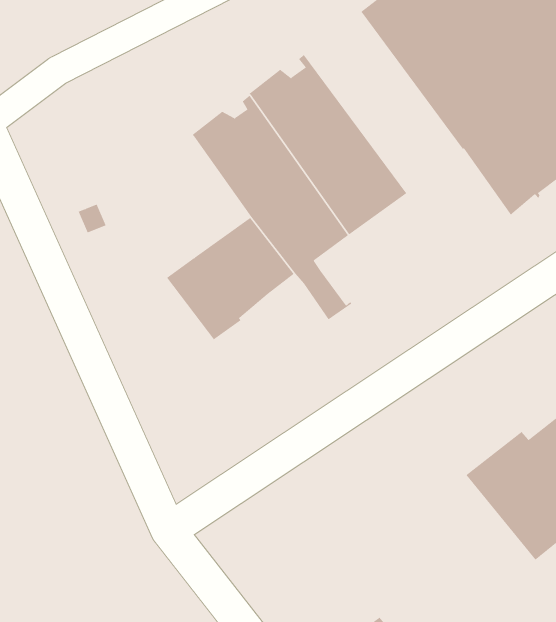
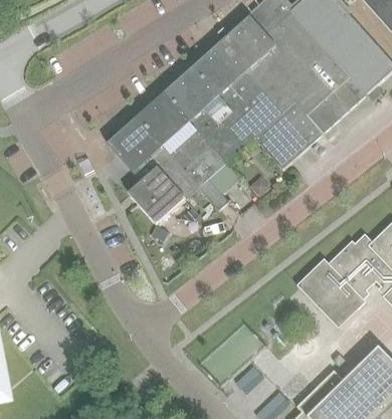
building: none -> [192,41,310,167]
building: none -> [106,116,171,180]

